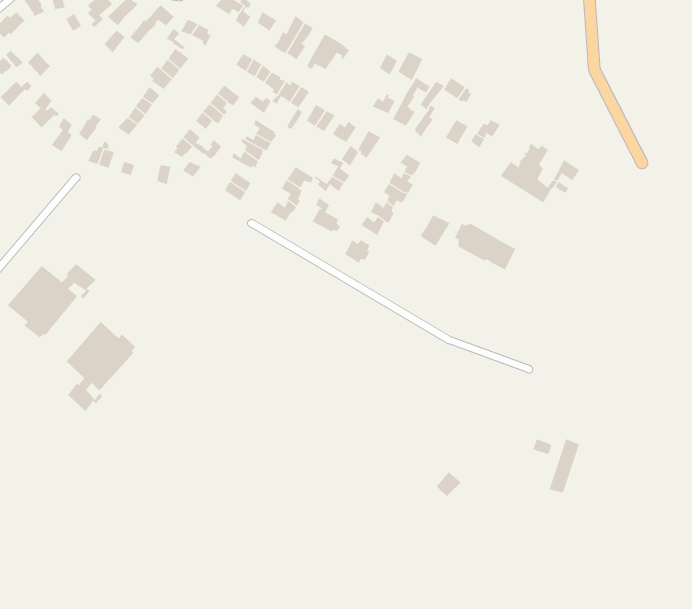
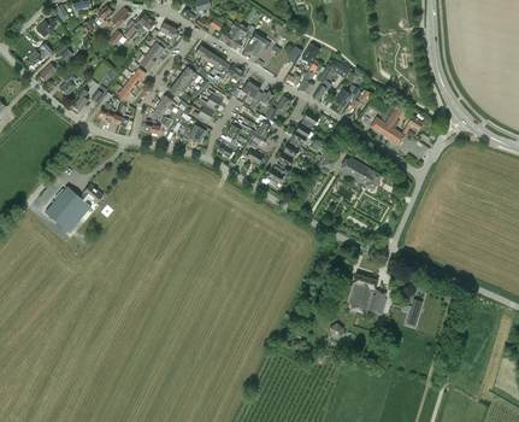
building: [66,321,136,412] -> none
building: none -> [348,274,385,315]

